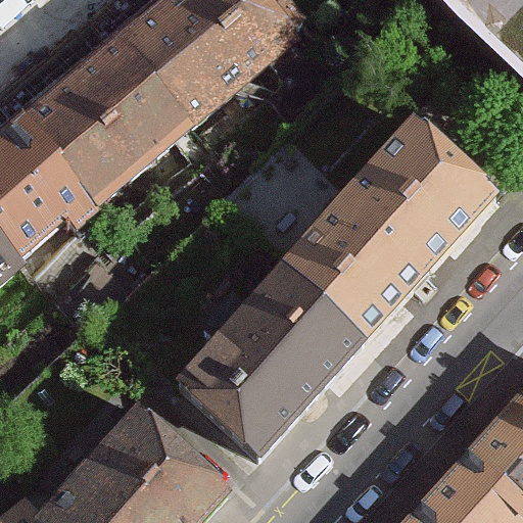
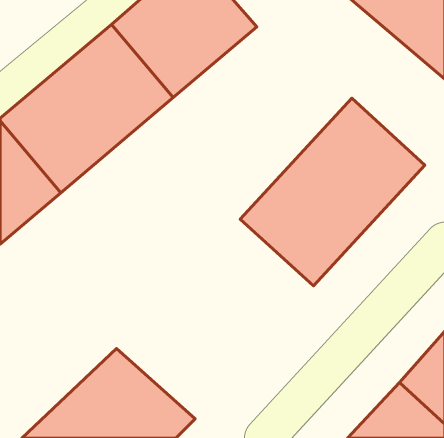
building: [173,257,369,456] -> none

